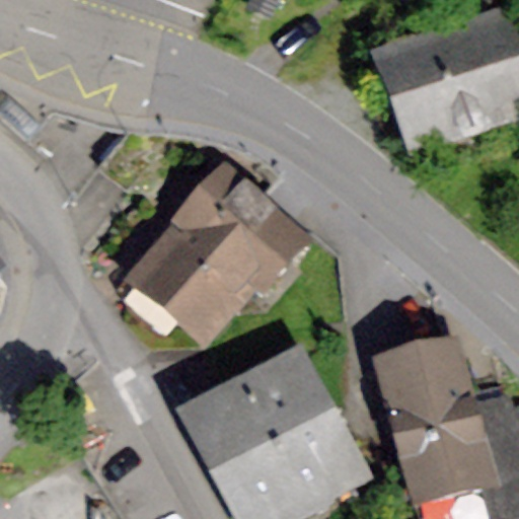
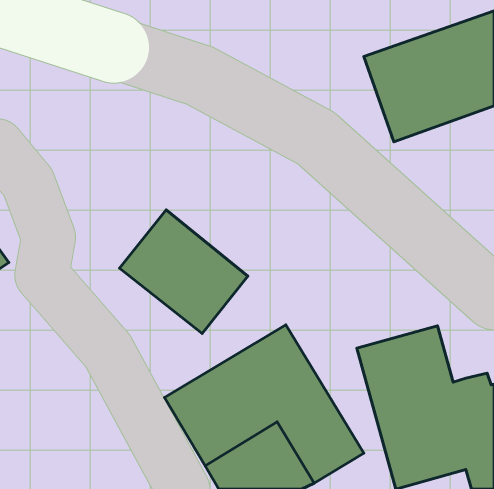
building: [173,160,315,295] -> none

